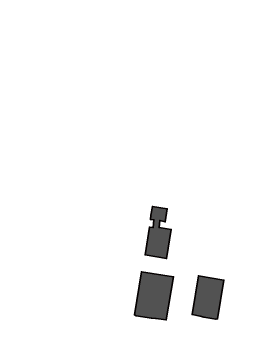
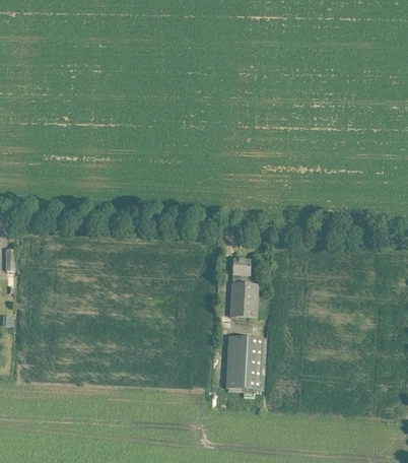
building: [192,276,224,319] -> none

